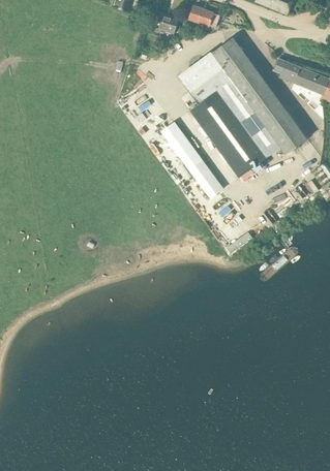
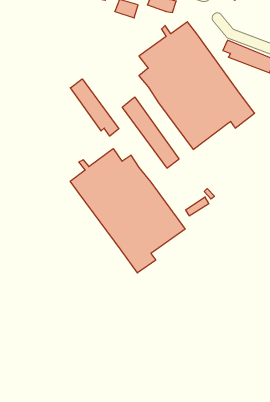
building: none -> [70,79,119,136]
building: none -> [70,149,185,273]

